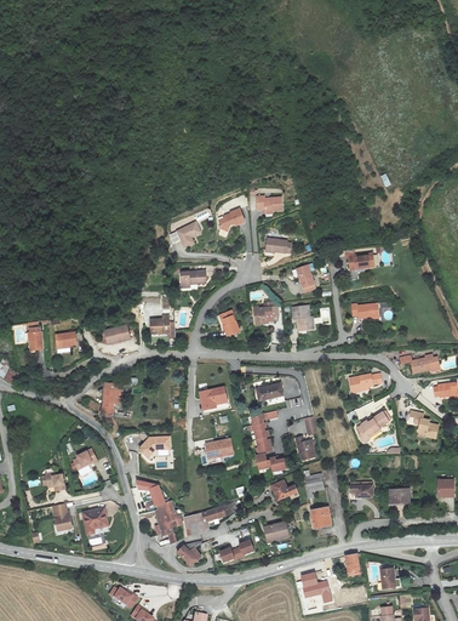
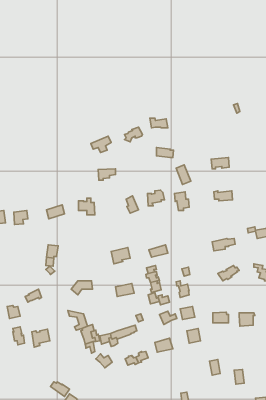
building: [296,571,331,600] -> none

